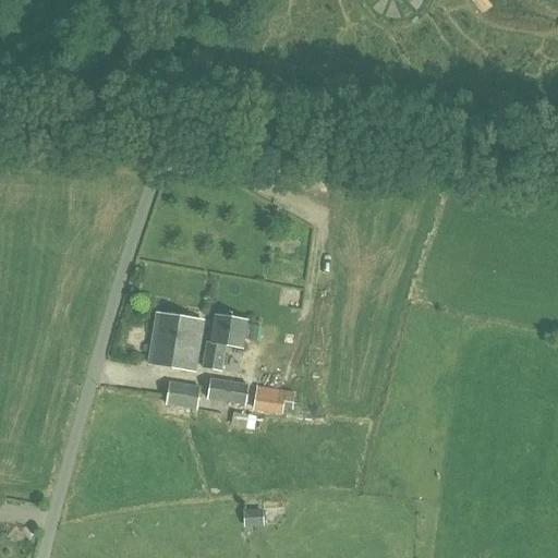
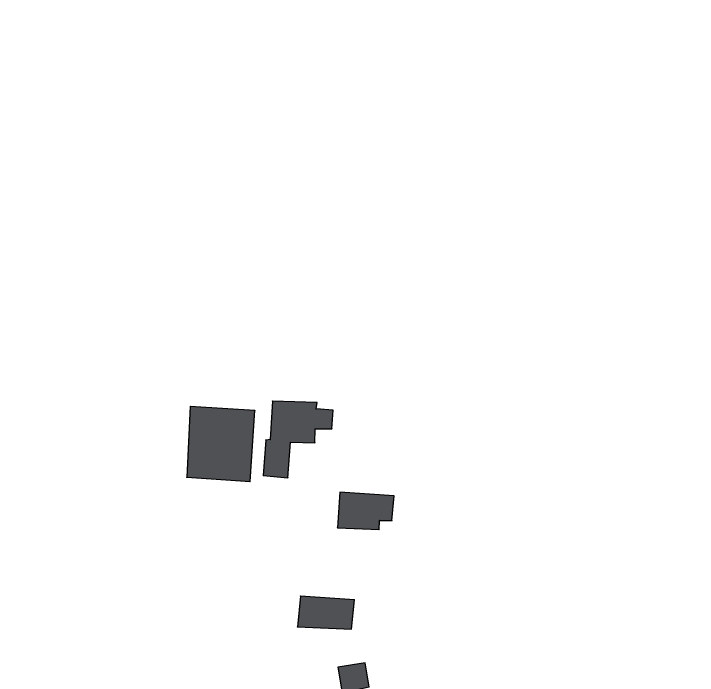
building: [206,377,248,404] -> [297,596,354,629]
building: [166,379,201,409] -> none

